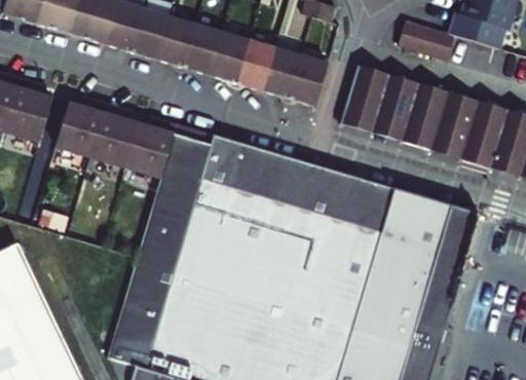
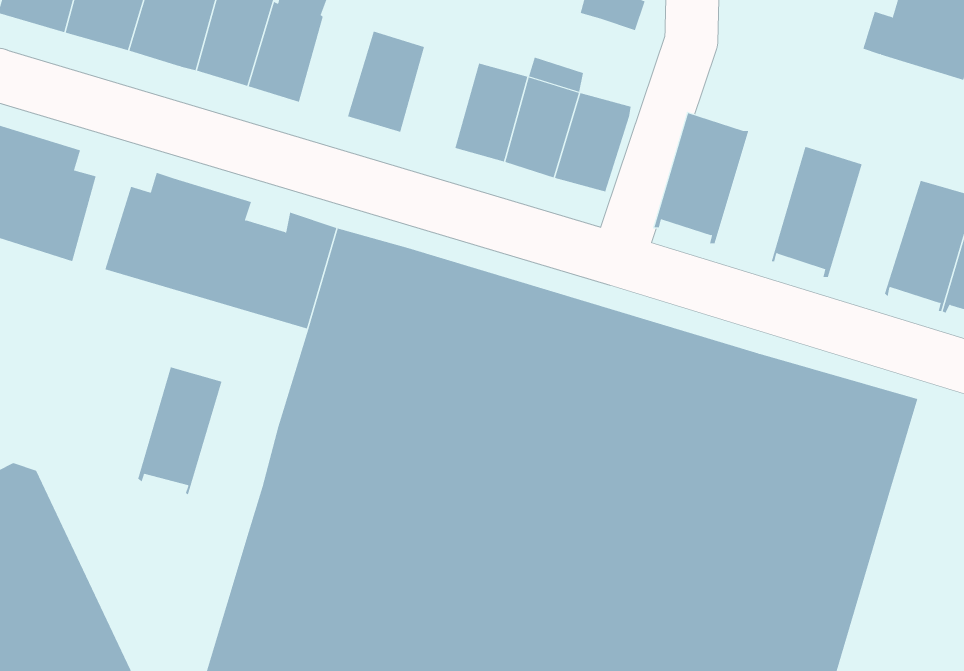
building: [156,15,194,67] -> none
building: [394,18,456,60] -> none
building: [209,31,249,83] -> none
building: [371,74,417,142] -> none
building: [429,91,477,158] -> none
building: none -> [137,367,222,496]

